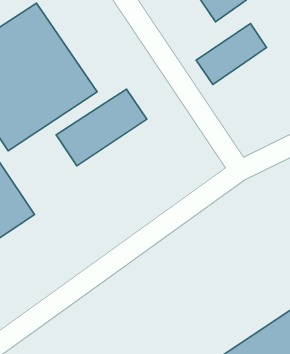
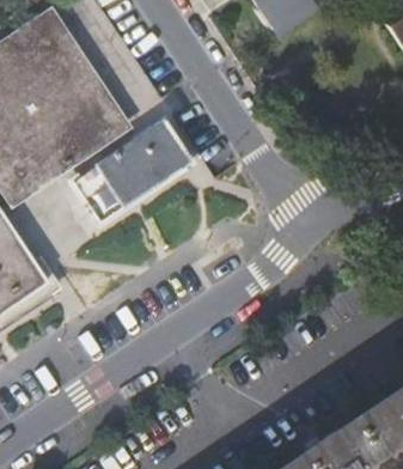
building: [196,24,266,85] -> none

